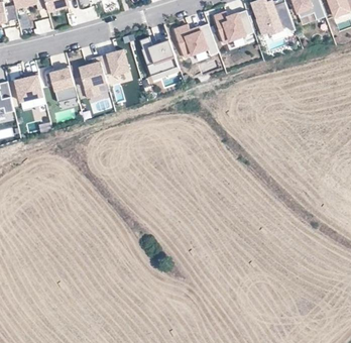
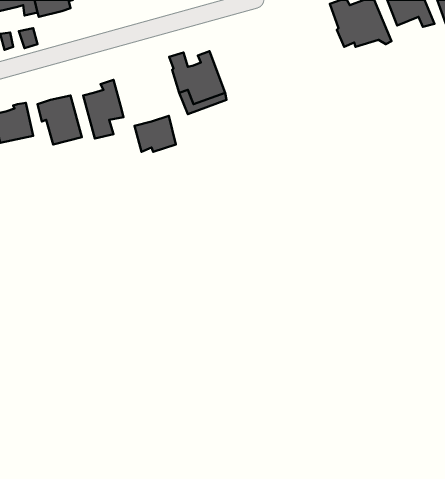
building: [214,9,253,43] -> none
building: [173,23,219,58] -> none
building: [100,49,129,75] -> [134,116,176,152]

